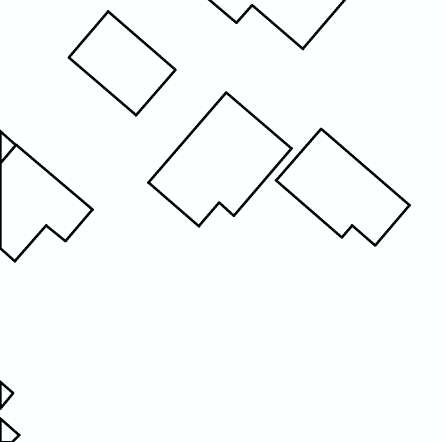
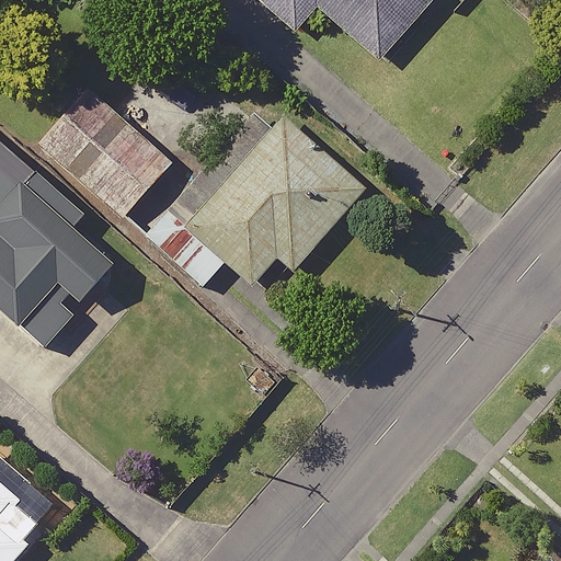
building: [69,11,175,115] -> [39,87,173,217]
building: [276,129,410,245] -> none

